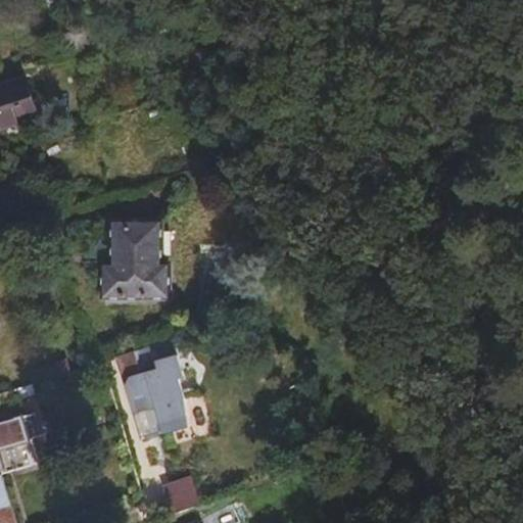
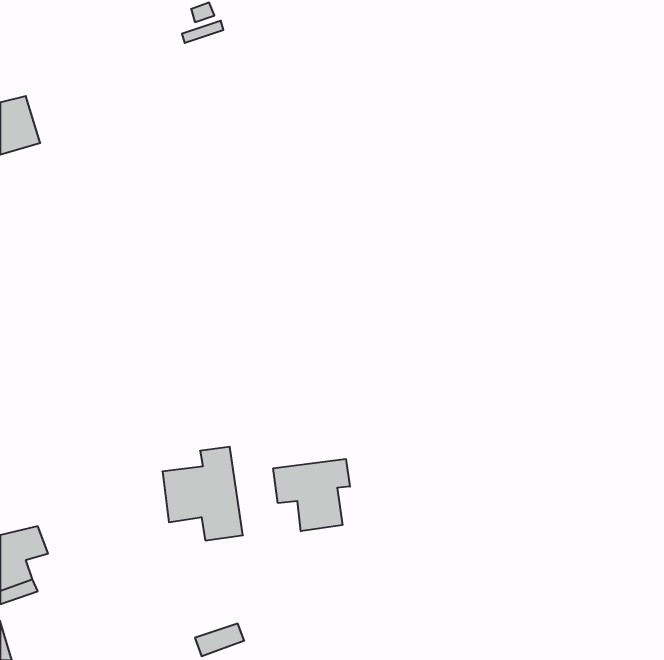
building: [99,225,164,300] -> none
building: none -> [273,459,350,531]

